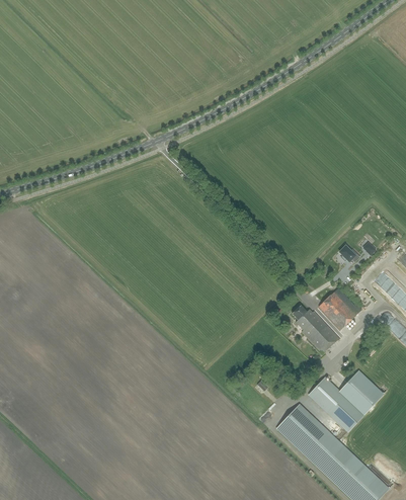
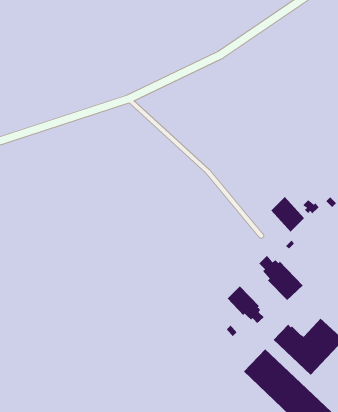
building: [319,291,355,330] -> [270,196,305,233]
building: none -> [227,286,265,324]

